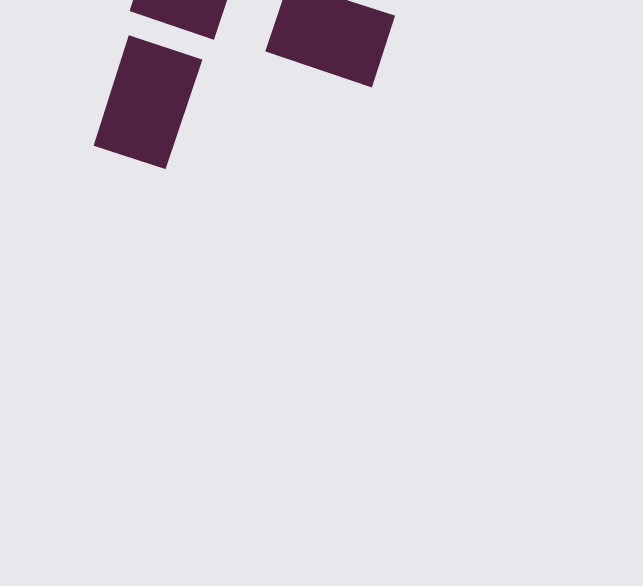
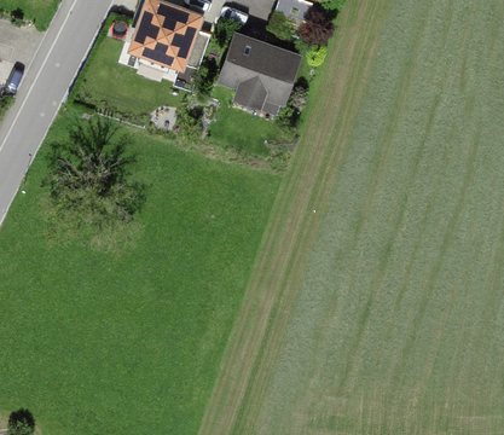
building: [92,34,204,170] -> none

